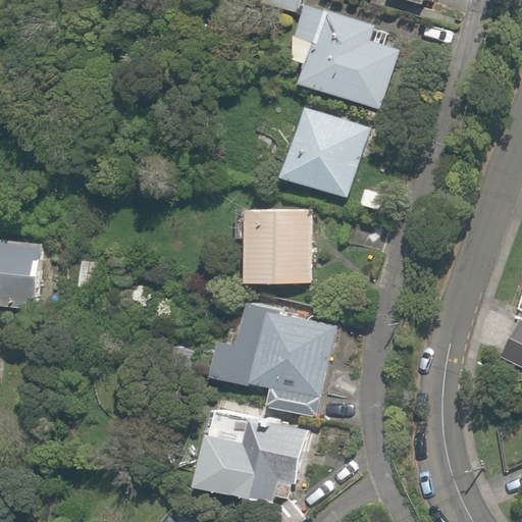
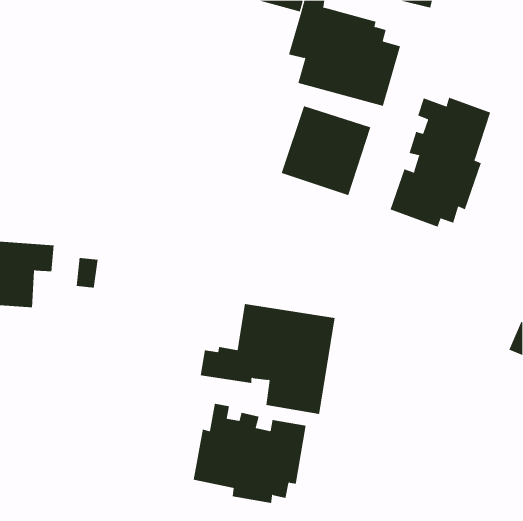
building: none -> [390,97,491,227]
building: [243,206,312,284] -> none

